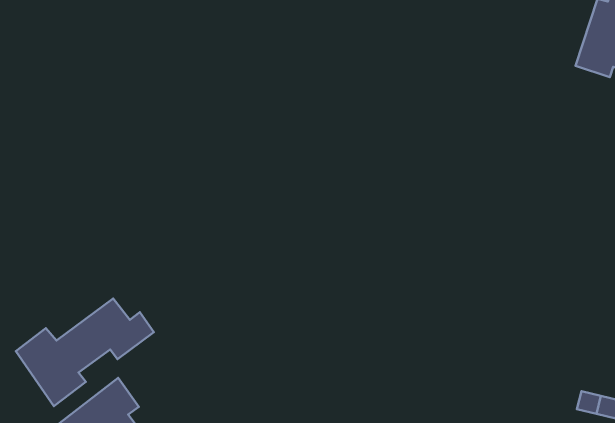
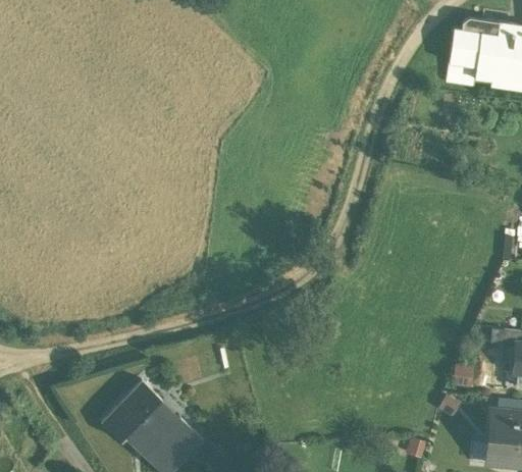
building: [16,298,154,406] -> none

